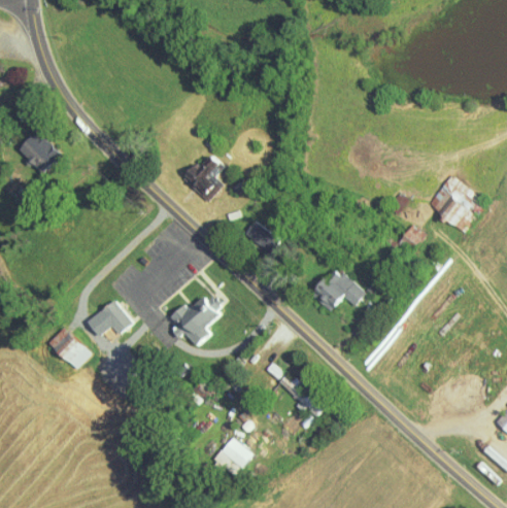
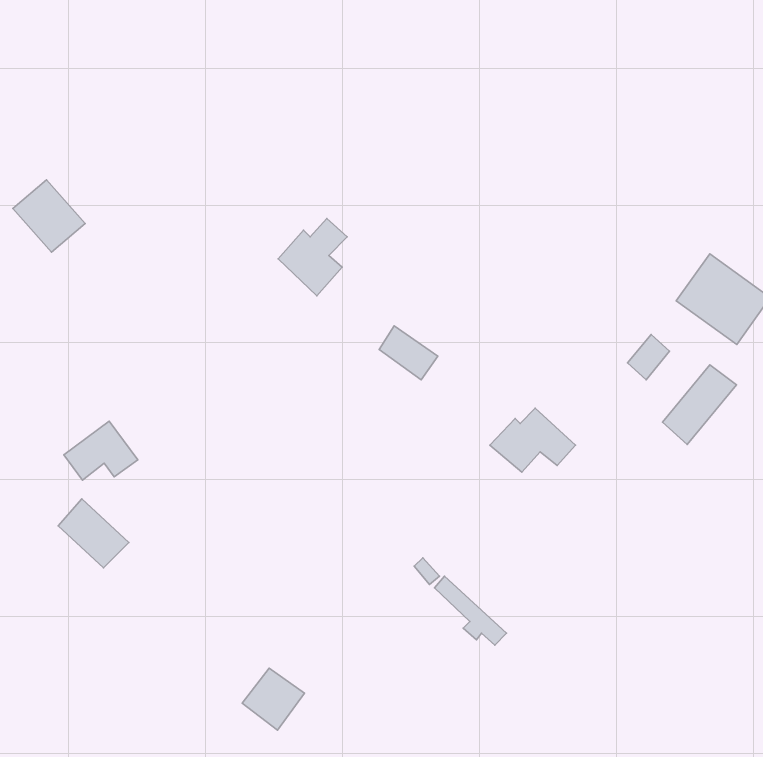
building: none -> [662,365,737,444]
building: [169,294,223,345] -> none
building: [87,299,132,335] -> [64,421,138,480]
building: [214,437,252,475] -> [242,668,304,730]

